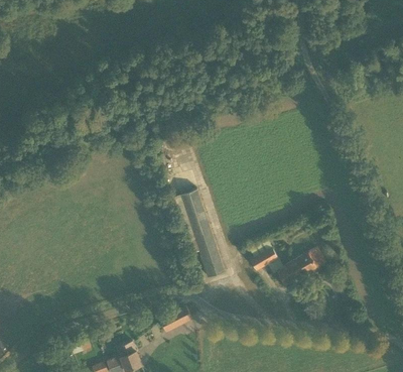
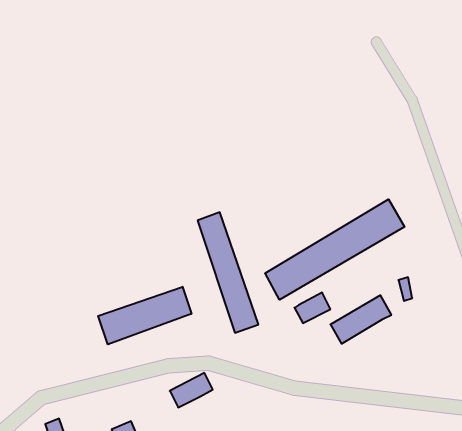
building: none -> [265,199,404,300]
building: none -> [98,287,191,344]

